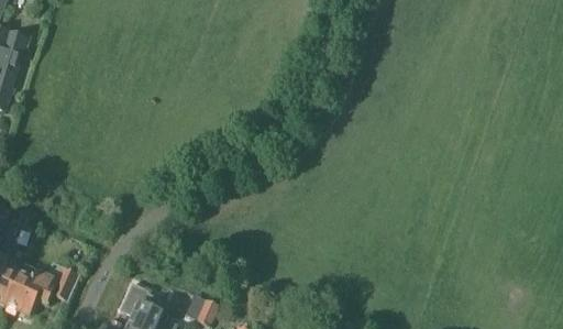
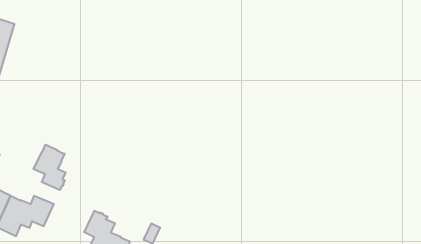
building: none -> [33,145,66,190]

